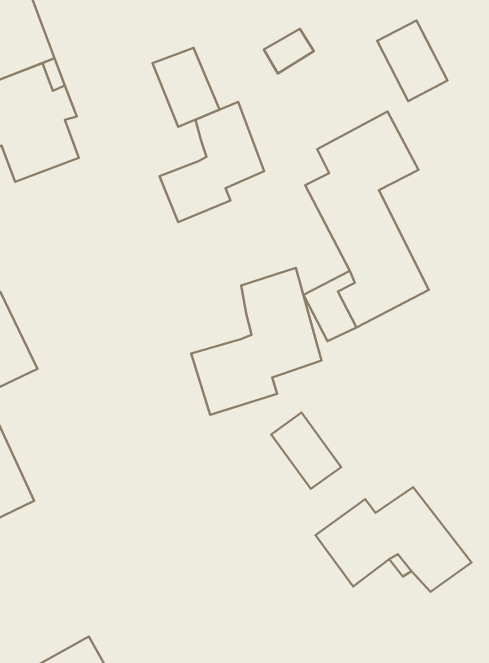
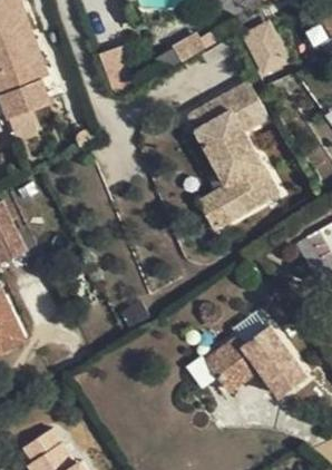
building: [160,102,264,222] -> none
building: [191,268,322,415] -> none
building: [271,413,341,489] -> none

